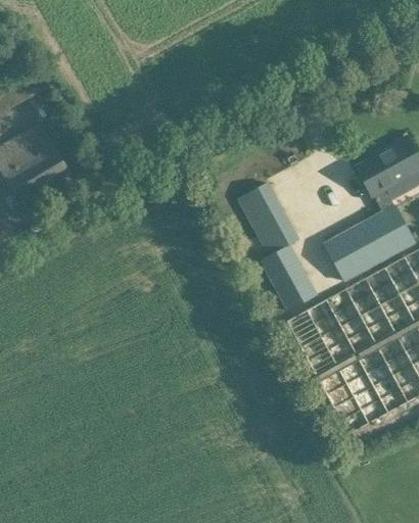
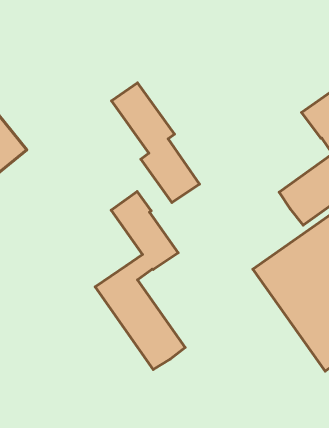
building: [237,183,317,310] -> [112,83,200,202]
building: none -> [95,191,185,370]

